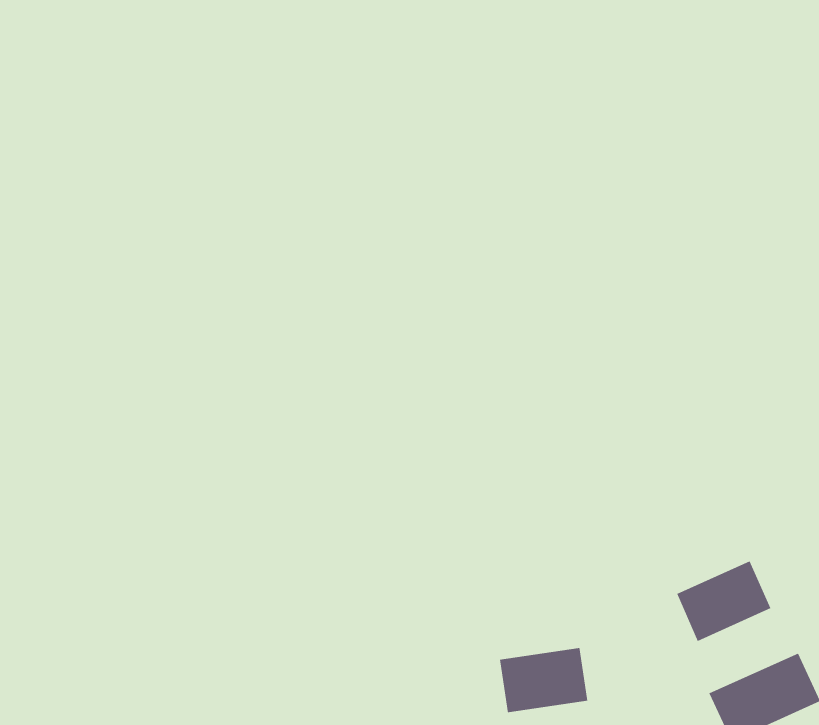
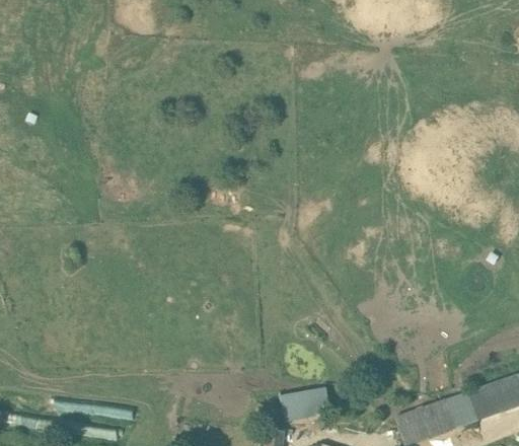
building: [676,560,771,642] -> none

